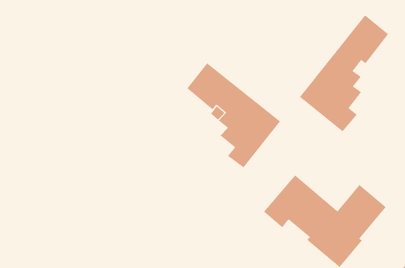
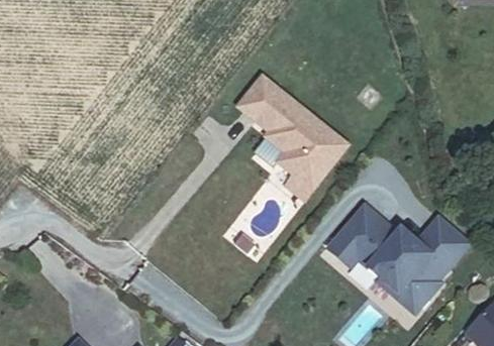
building: [299,15,389,132] -> none

